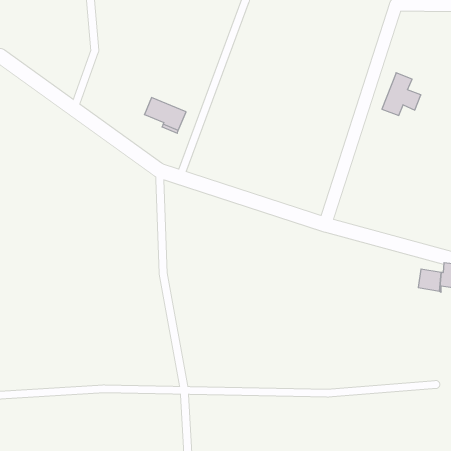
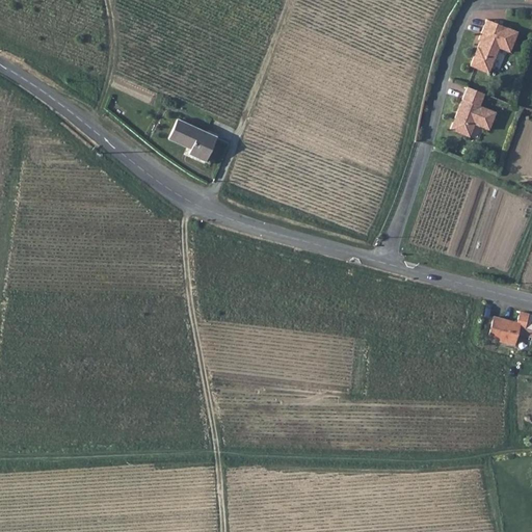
building: none -> [470,21,516,75]

